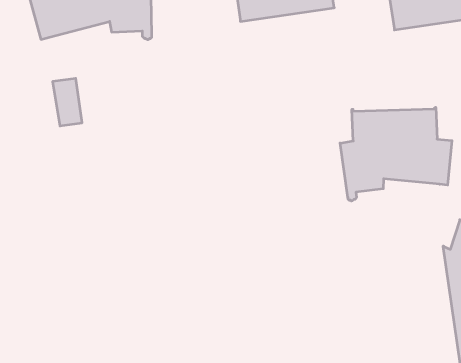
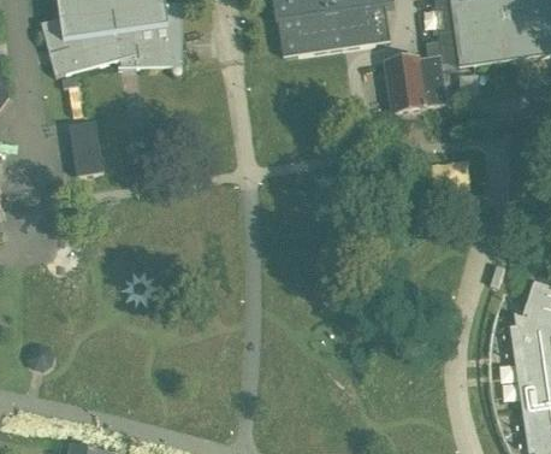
building: none -> [385,53,446,110]
building: [340,107,452,201] -> none

